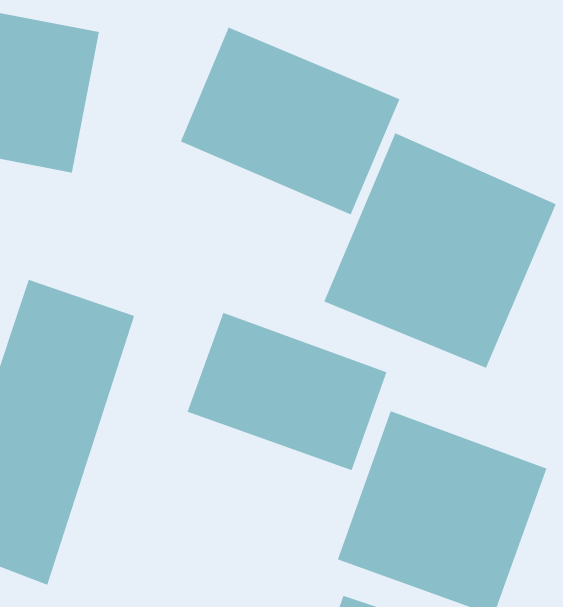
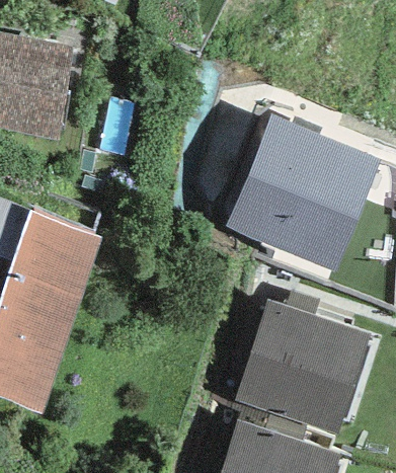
building: [180,26,401,216] -> none
building: [187,312,387,471] -> none

